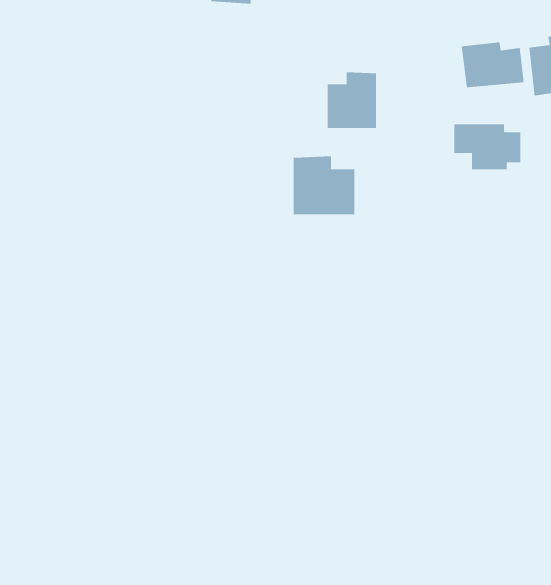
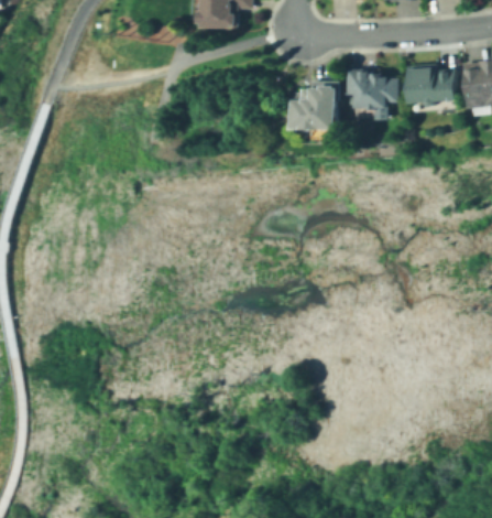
building: [454,124,521,170] -> [340,71,395,108]
building: [293,156,355,215] -> none

